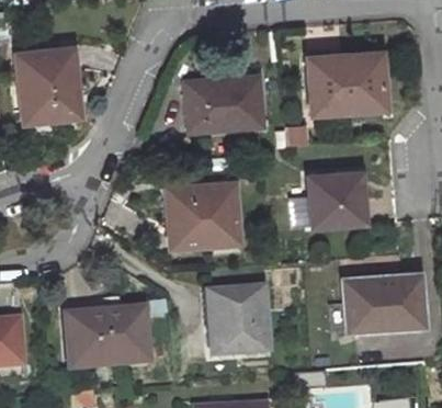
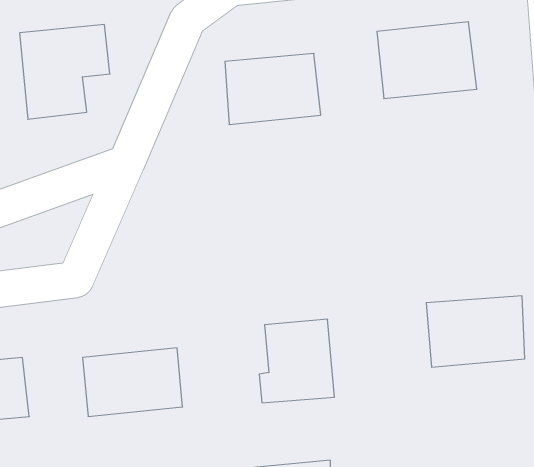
building: [307,170,365,223] -> none
building: [167,182,238,248] -> none

